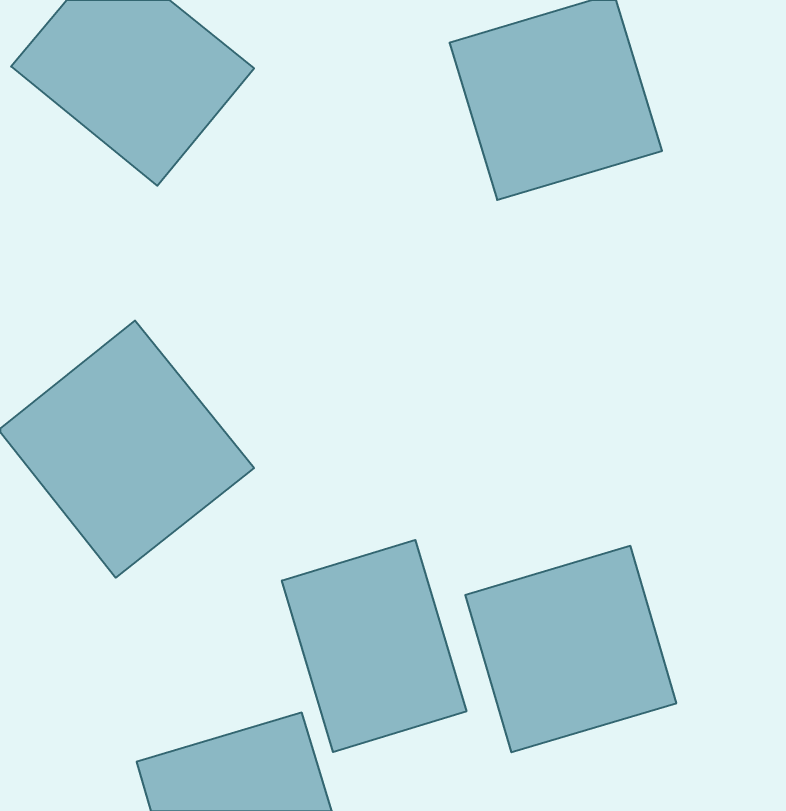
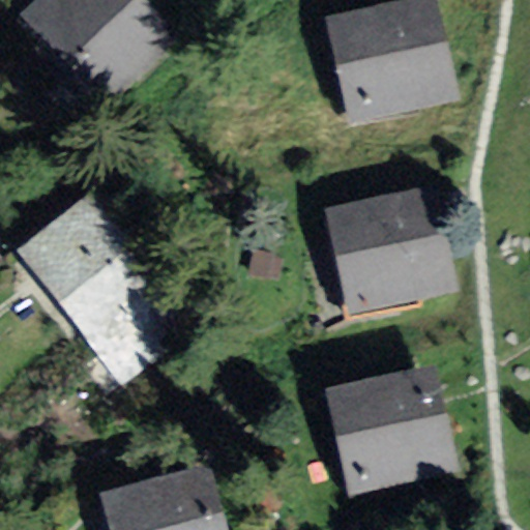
building: none -> [317,172,455,306]
building: [282,540,466,752] -> none

